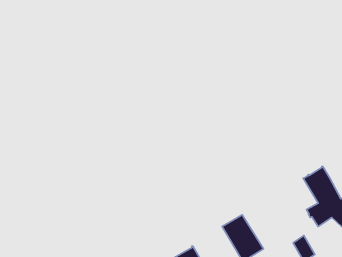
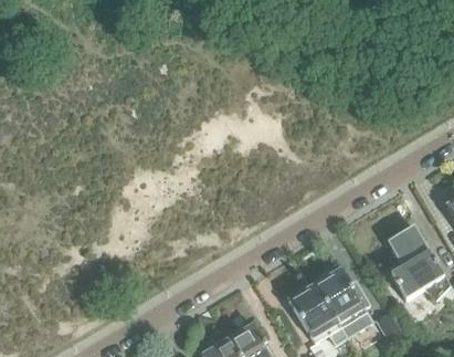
building: none -> [314,269,366,327]

